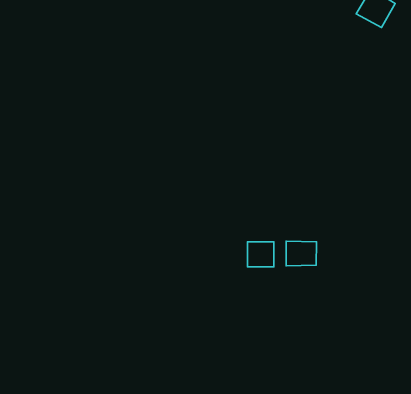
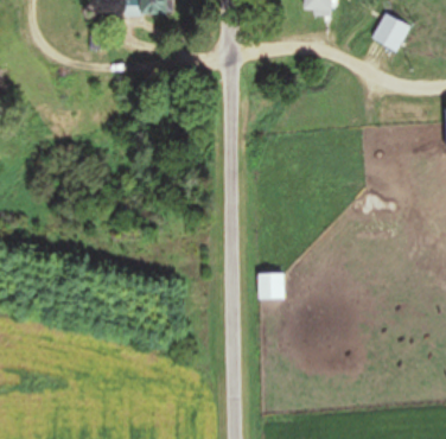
building: [286,241,317,266] -> none

